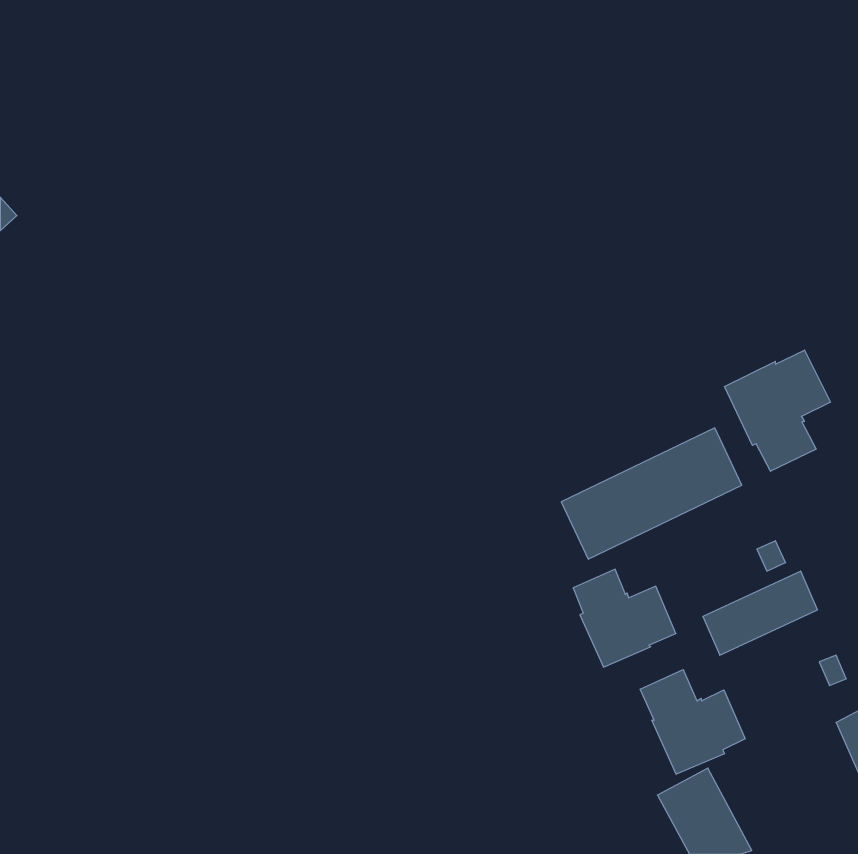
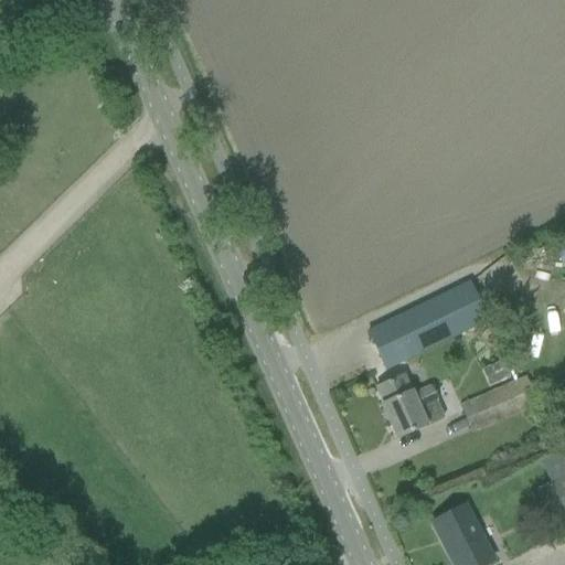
building: [725,350,830,471] -> none
building: [640,670,745,774] -> none

